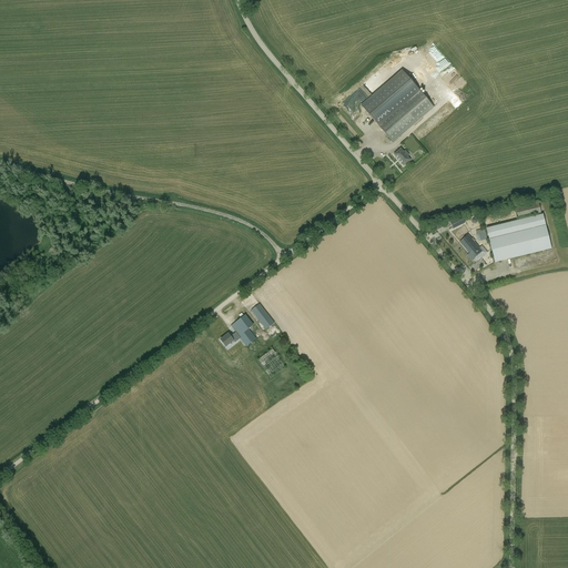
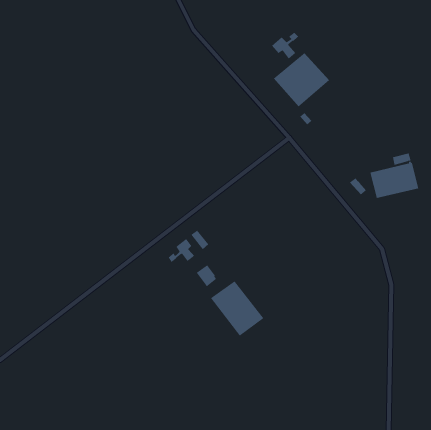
building: none -> [271,32,299,59]
building: none -> [210,281,264,337]

